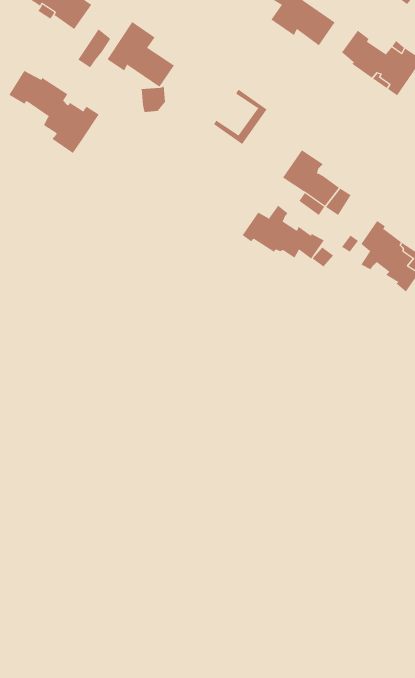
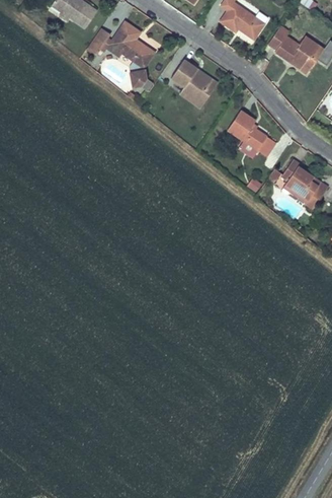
building: [9,70,100,154] -> none
building: none -> [172,60,211,100]
building: [242,205,324,259] -> none

